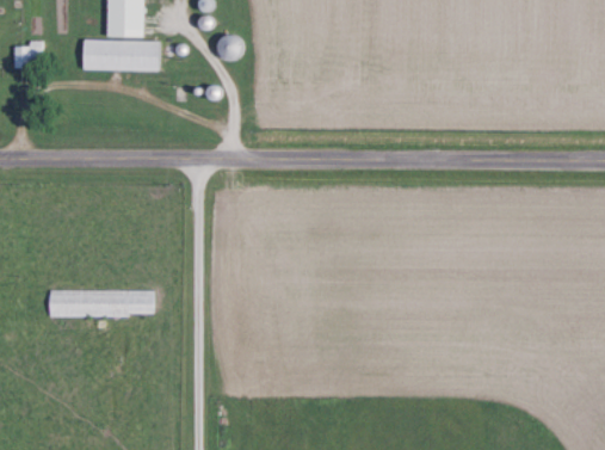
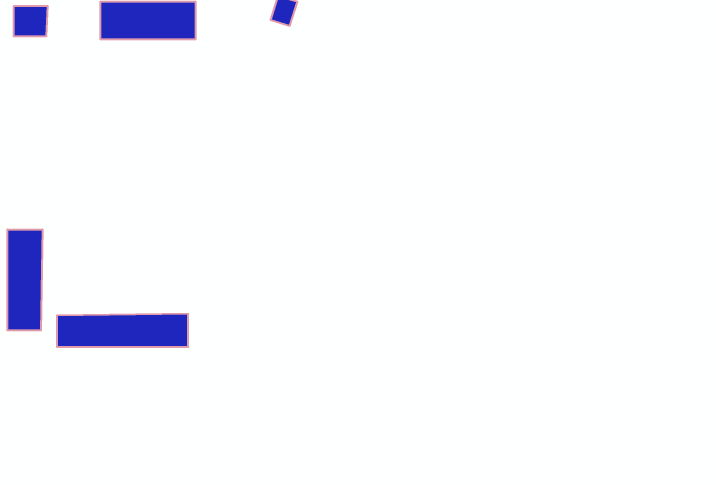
building: none -> [7,229,42,330]

